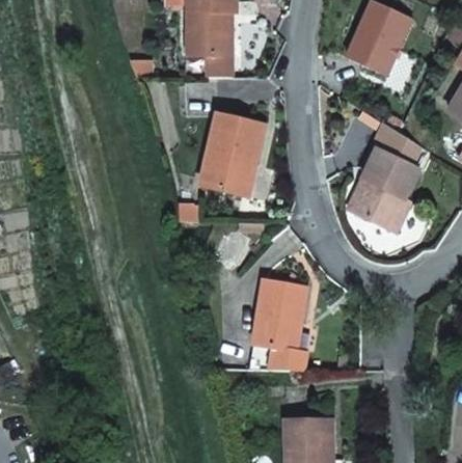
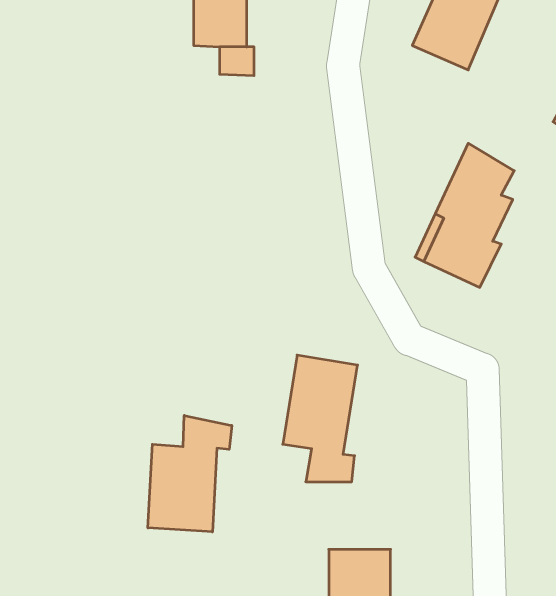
building: [200,112,264,194] -> none
building: none -> [148,415,232,532]

